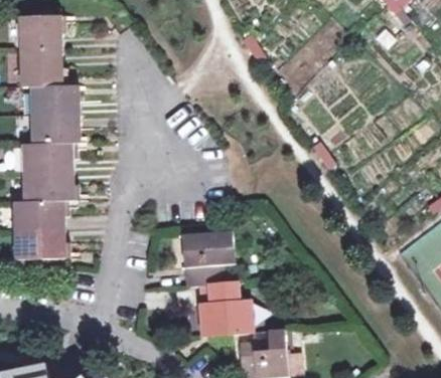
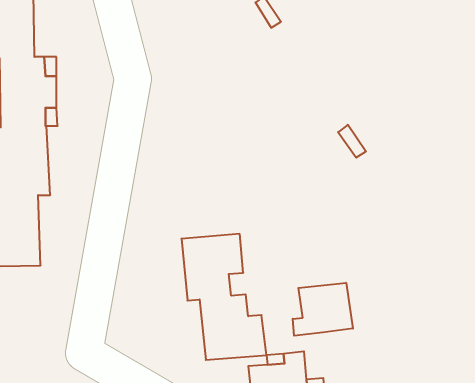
building: none -> [293,283,353,336]

